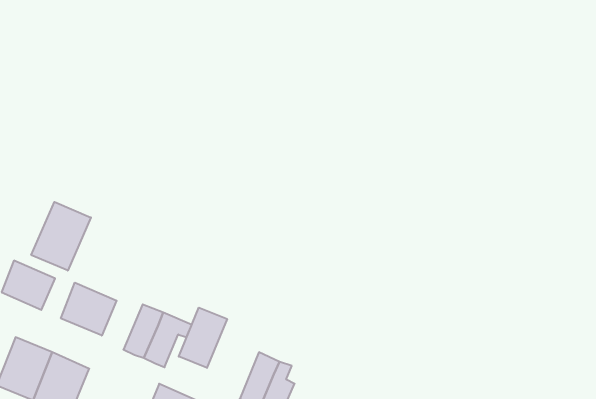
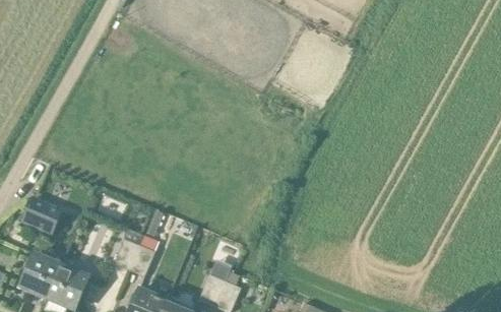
building: [31,202,91,271] -> none
building: [61,283,117,336] -> none
building: [179,308,227,368] -> none

